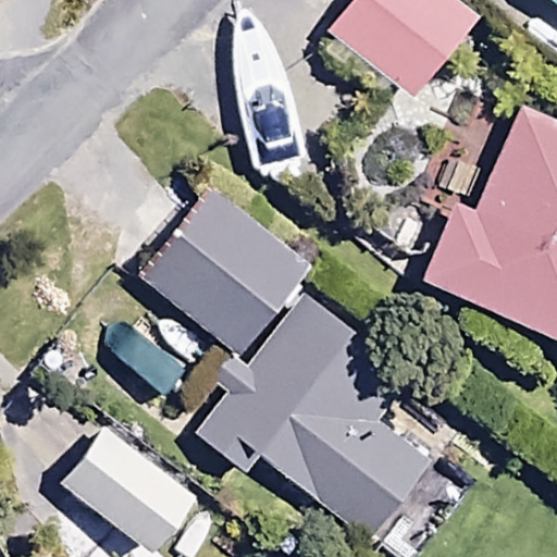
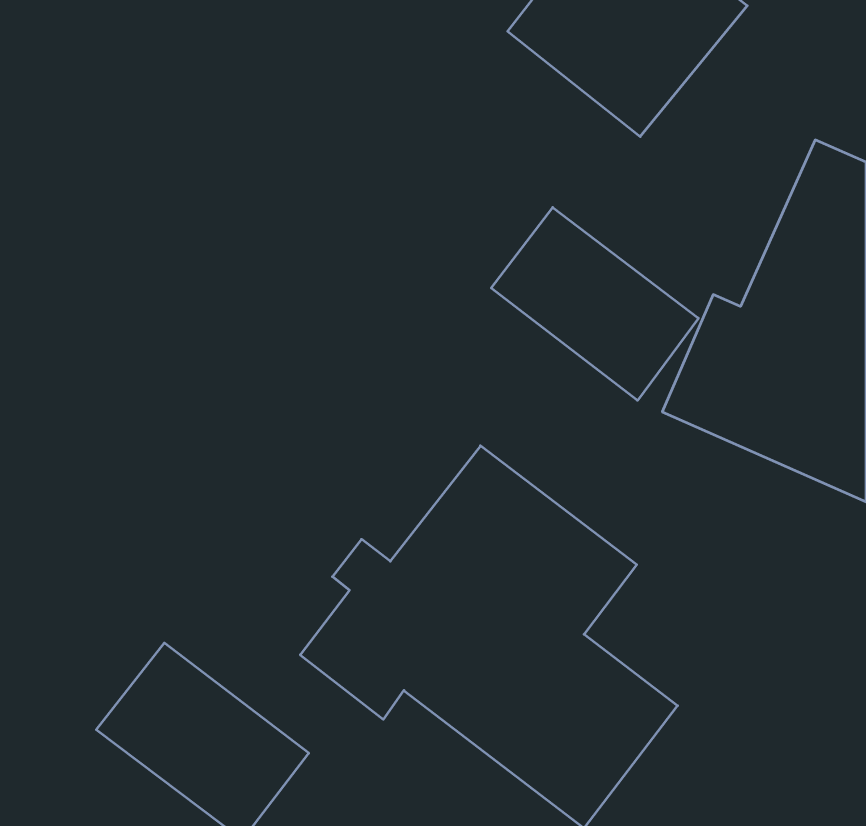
building: none -> [491,207,698,400]
building: [144,189,310,354] -> none

